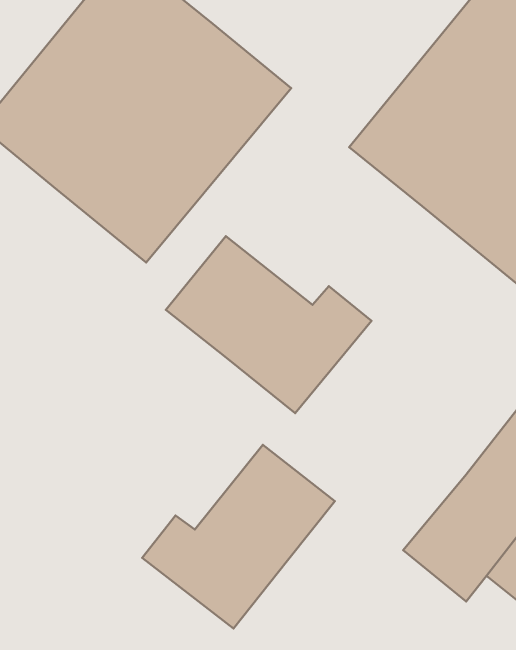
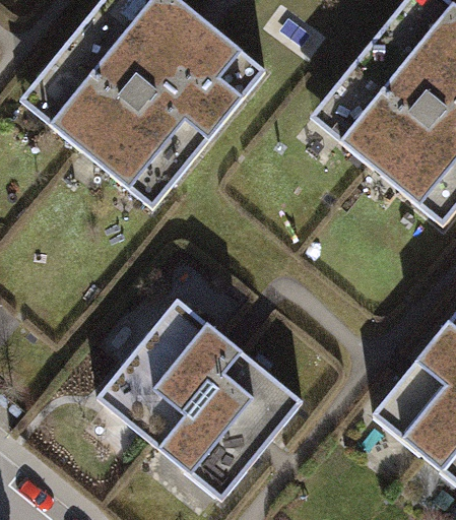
building: [166,236,371,413] -> none
building: none -> [100,300,247,442]

